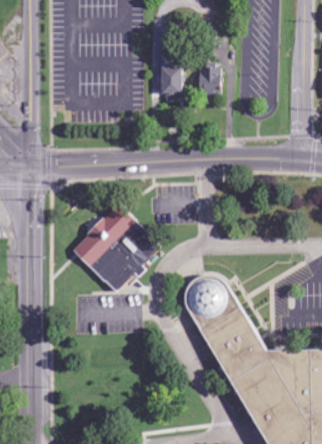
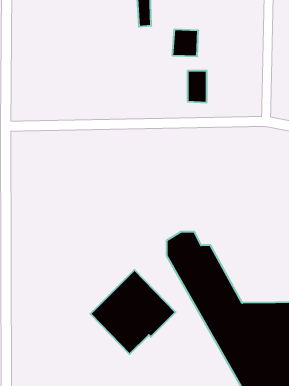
building: [161,69,181,102] -> [188,71,207,102]
building: [71,206,160,294] -> [90,270,176,354]

